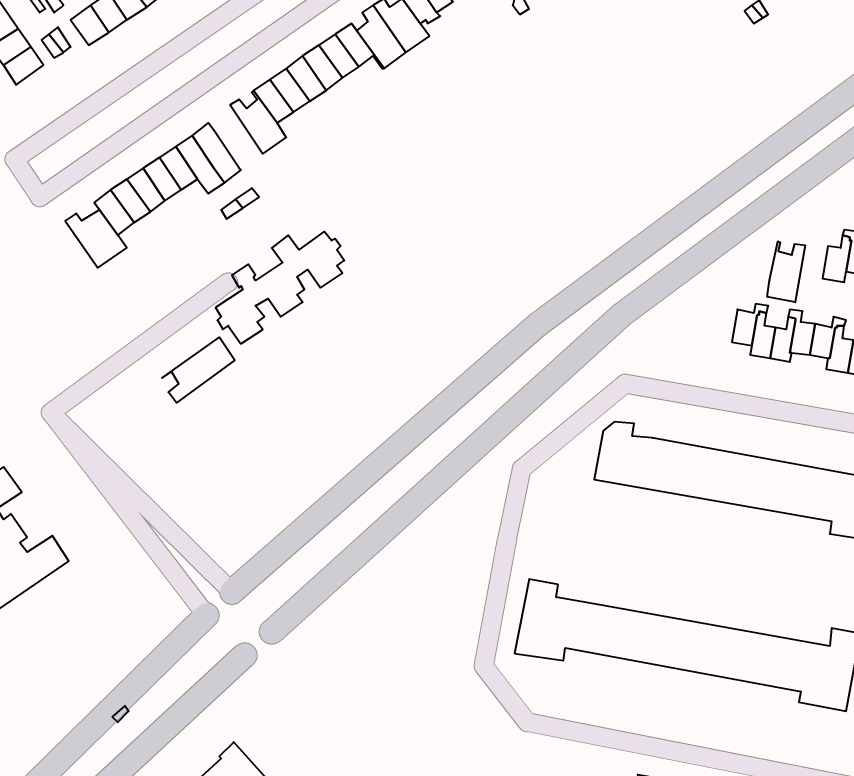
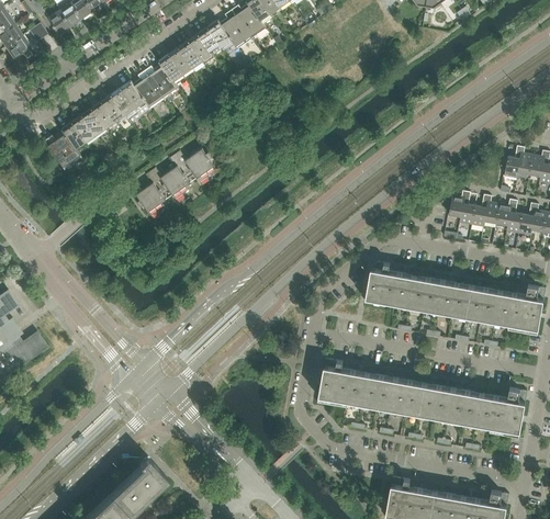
building: none -> [134,72,164,111]
building: [767,241,805,302] -> none
building: [162,337,235,403] -> none

